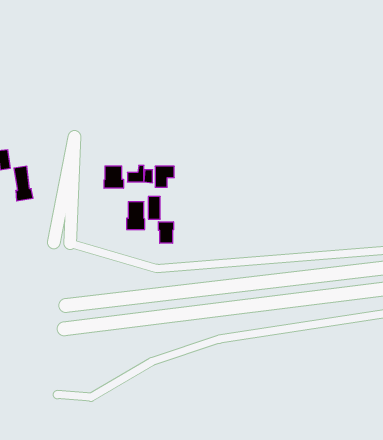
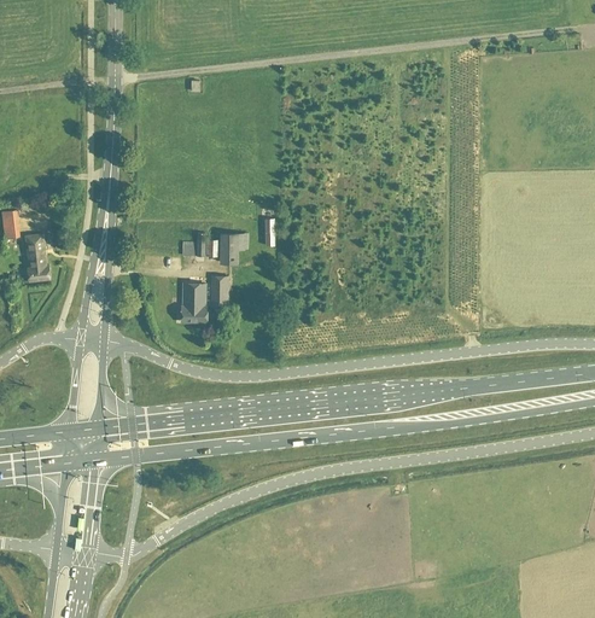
building: [104,166,123,188] -> none
building: [158,222,173,243] -> none

